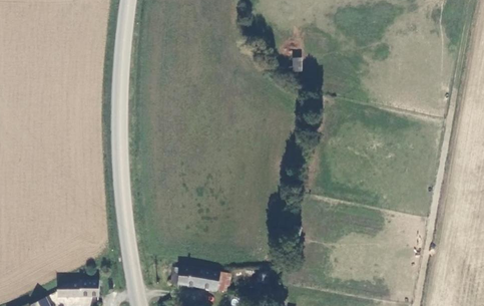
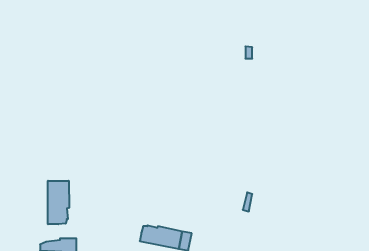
building: none -> [48,181,69,224]

